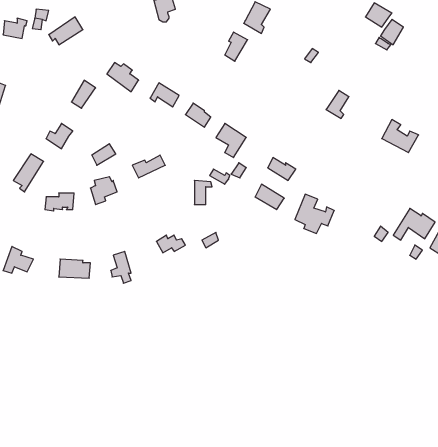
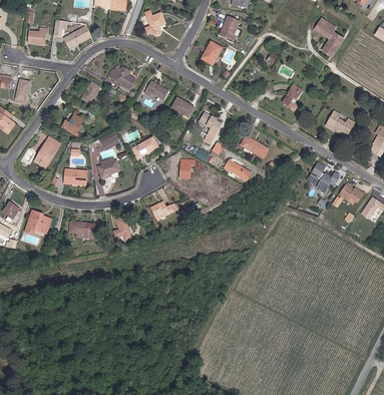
building: [295,194,334,233] -> [313,159,344,190]

